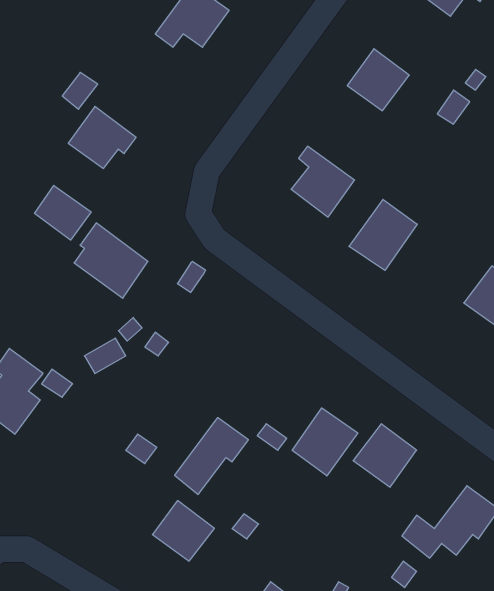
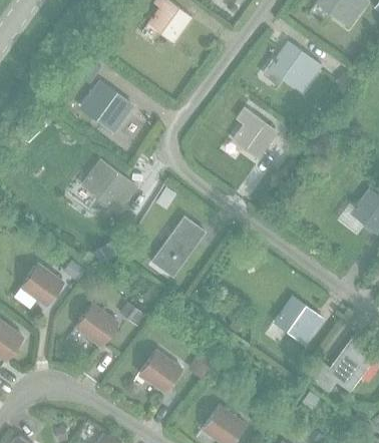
building: [35,185,91,240] -> none
building: [349,199,417,270] -> none
building: [292,408,358,476] -> none
building: [175,418,248,494] -> [156,218,207,271]
building: none -> [75,305,117,346]

